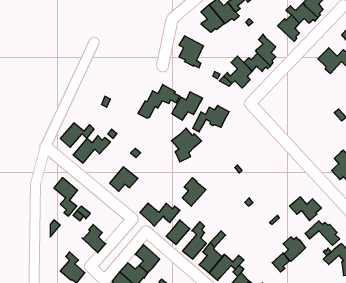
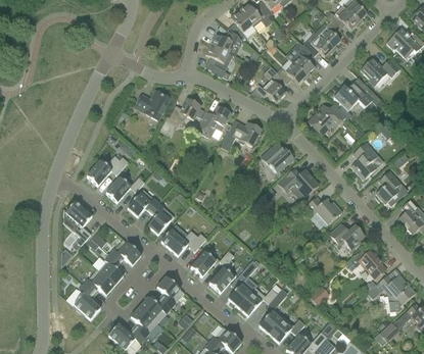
building: none -> [211,30,241,55]
building: none -> [302,32,334,56]
building: none -> [334,77,381,109]
building: none -> [135,89,171,119]
building: none -> [309,104,345,134]
building: [60,123,94,147] -> [106,174,144,202]
building: none -> [351,142,383,179]
building: [171,128,202,162] -> [261,142,294,180]
building: none -> [278,166,319,200]
building: none -> [305,196,342,229]
building: [182,178,206,206] -> [148,202,175,234]
building: none -> [109,239,141,265]
building: [283,237,306,261] -> none
building: none -> [83,268,114,295]

